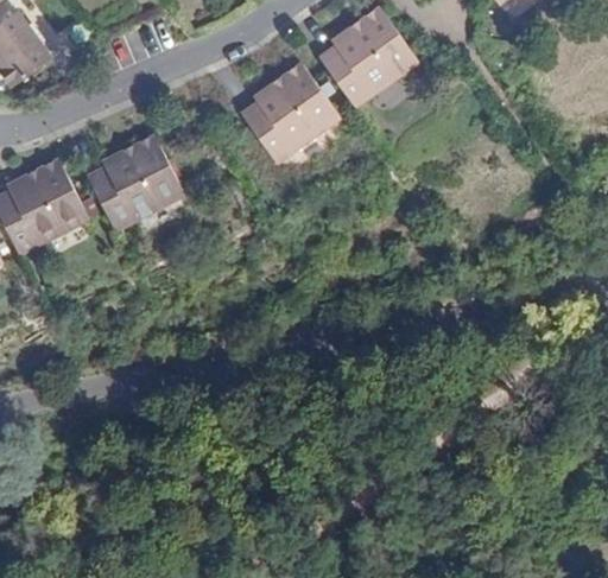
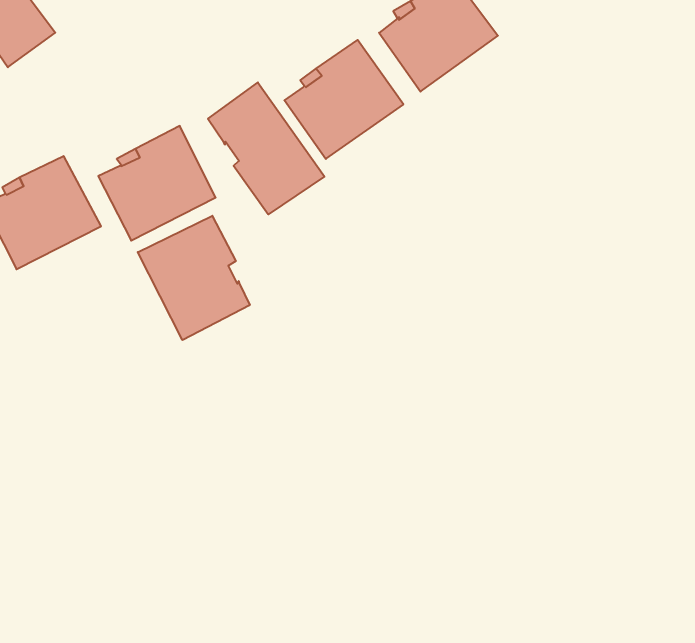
building: none -> [208,82,324,214]
building: none -> [138,216,250,340]

